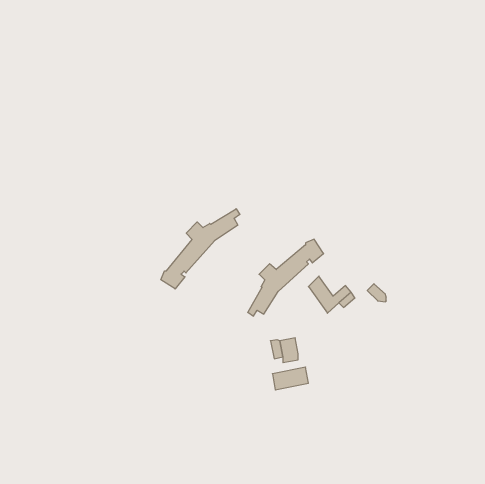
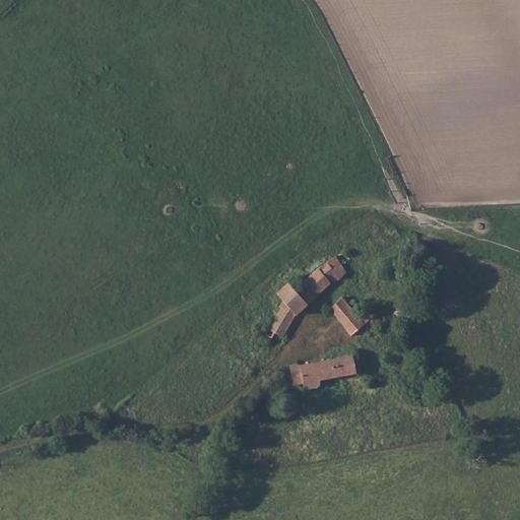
building: [161,209,240,289] -> none
building: [272,367,308,390] -> [316,355,354,380]

